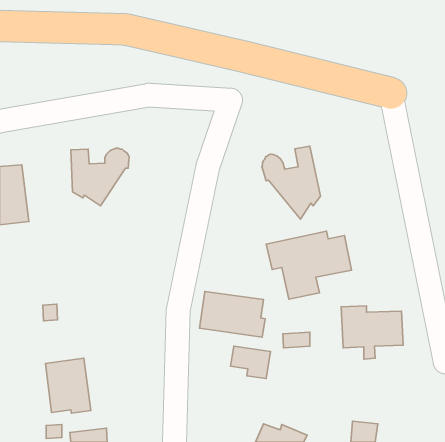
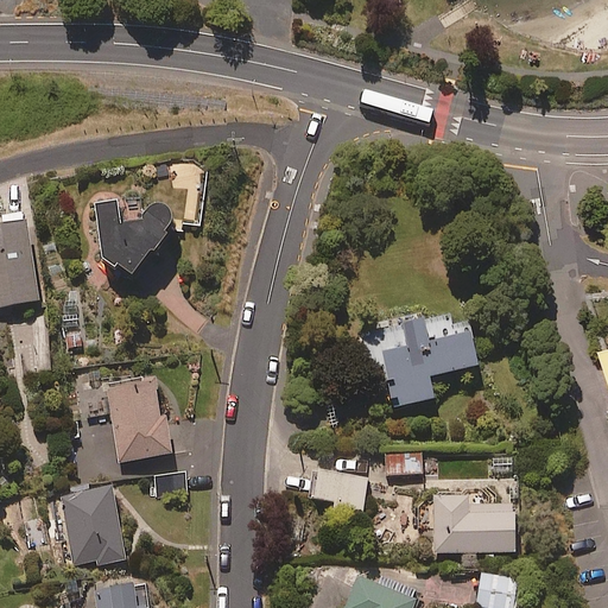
building: [262,146,320,219] -> none
building: none -> [108,382,170,461]
building: [200,291,265,337] -> none
building: [341,306,403,359] -> [432,496,517,569]

